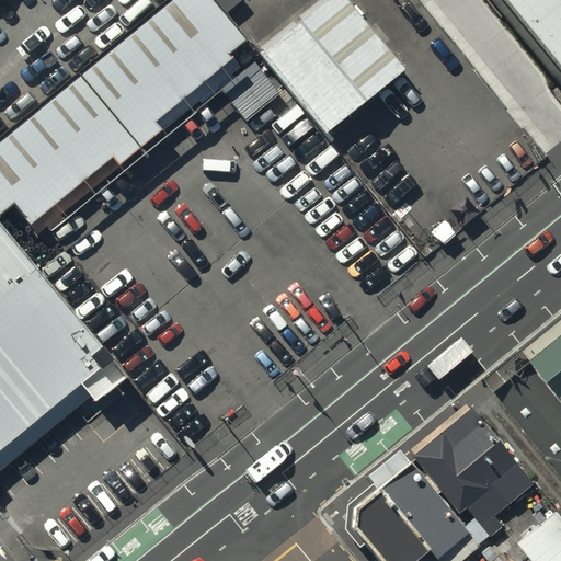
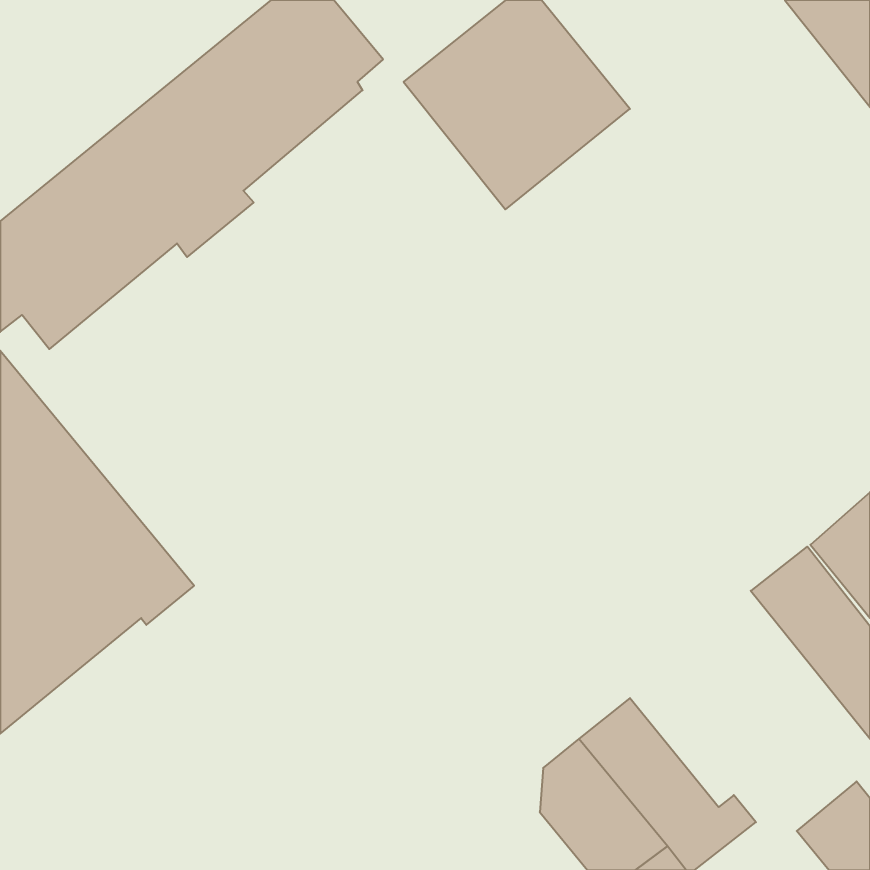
building: [408,398,530,531] -> none

